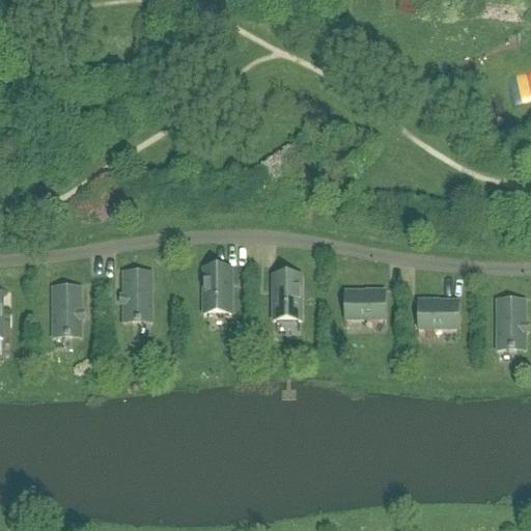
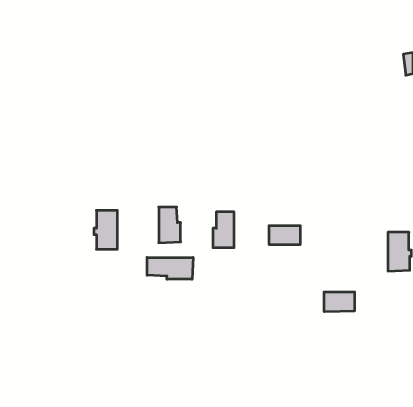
building: [53,284,83,334] -> none
building: [418,299,457,324] -> [324,292,355,311]
building: none -> [147,257,193,279]

